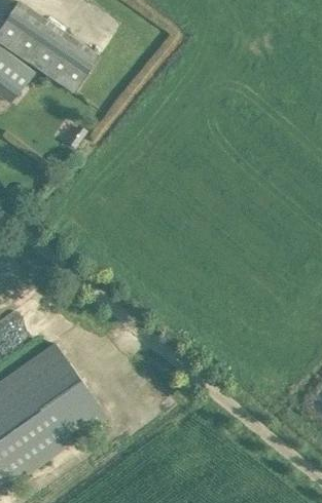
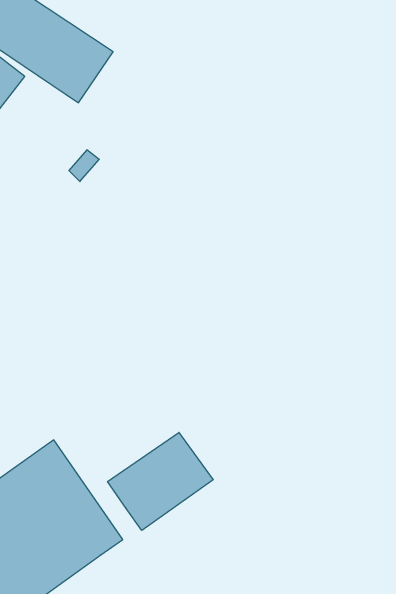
building: none -> [108,432,213,530]

